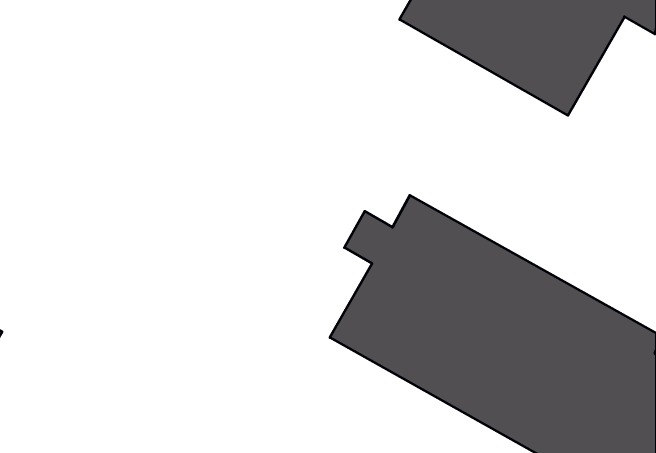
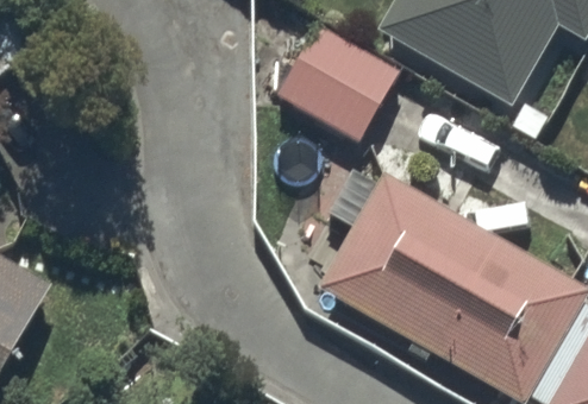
building: none -> [276,23,401,144]

